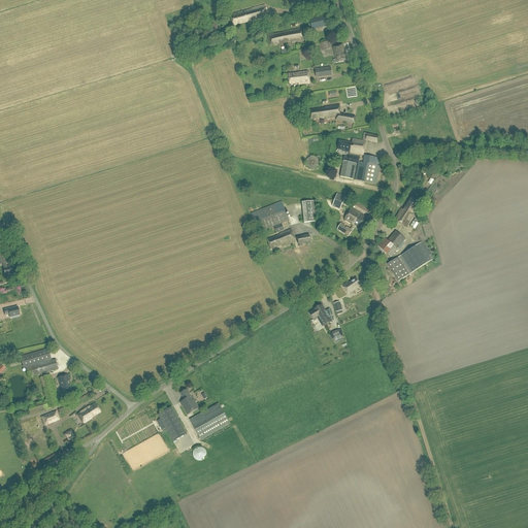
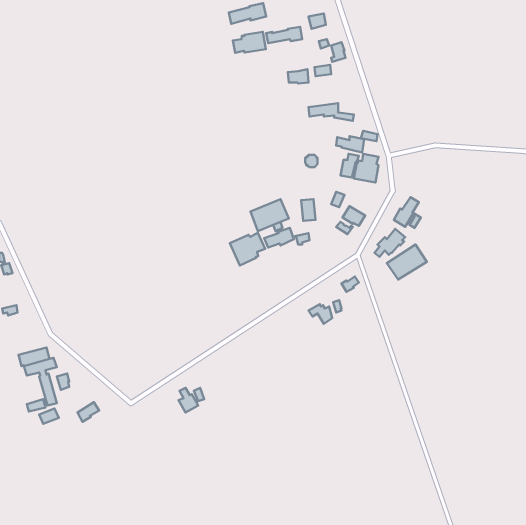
building: none -> [233,32,266,53]
building: none -> [230,233,265,265]
building: [189,401,229,437] -> none
building: [156,405,186,440] -> none

